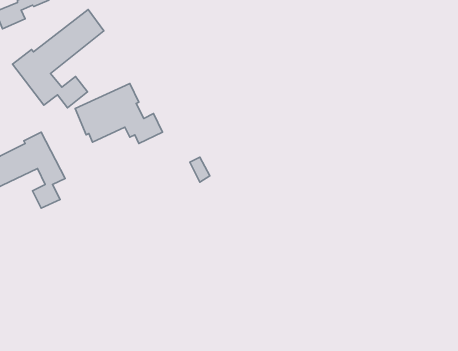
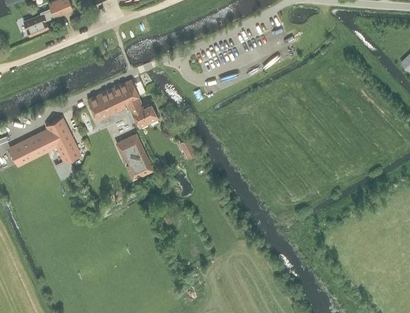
building: [12,9,104,108] -> none
building: none -> [118,134,150,176]

